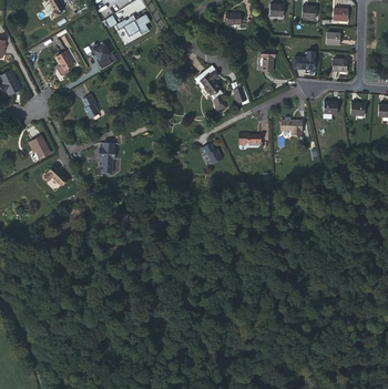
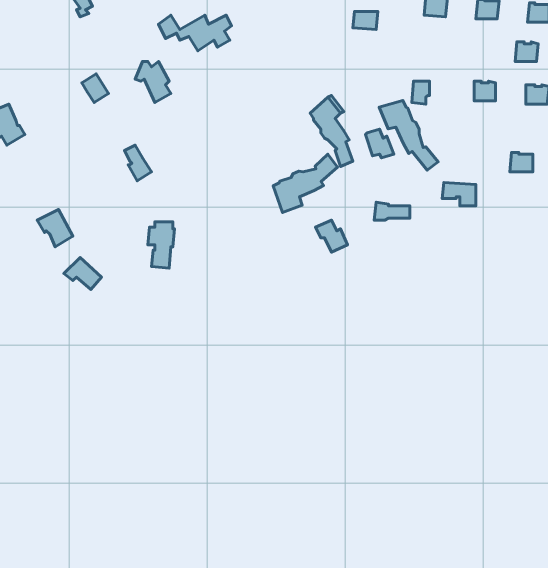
building: none -> [379,101,438,170]
building: none -> [273,154,337,213]

